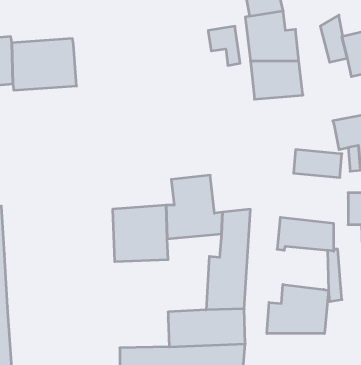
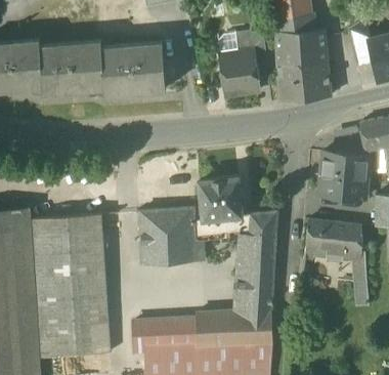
building: none -> [219,34,259,96]
building: none -> [101,42,166,94]
building: none -> [318,175,366,199]
building: none -> [33,213,111,358]
building: [267,284,329,334] -> none
building: none -> [131,320,197,350]

